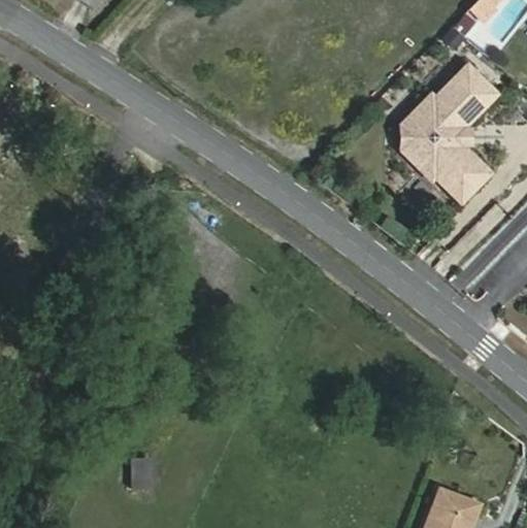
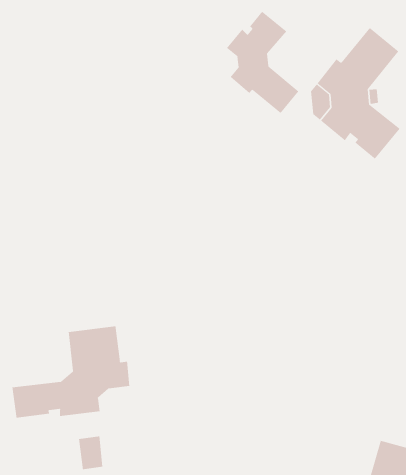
building: none -> [226,11,299,114]
building: none -> [12,325,130,419]

